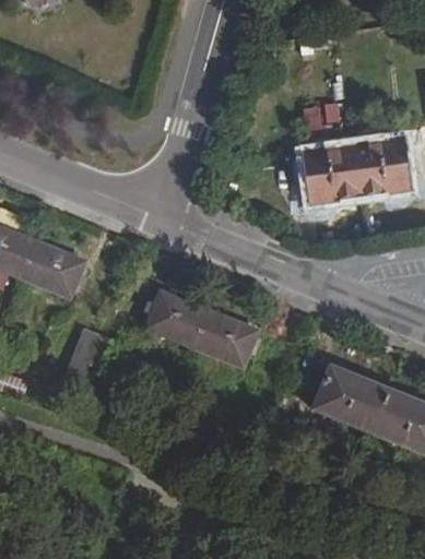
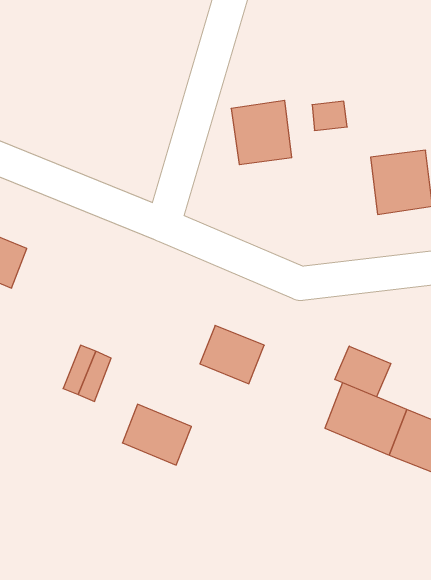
building: [305,153,362,213] -> [231,100,292,165]
building: [20,238,84,295] -> none
building: [145,289,210,346] -> [122,404,191,465]
building: none -> [335,346,391,397]

